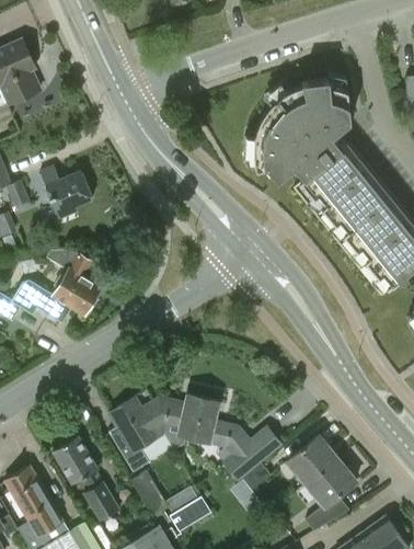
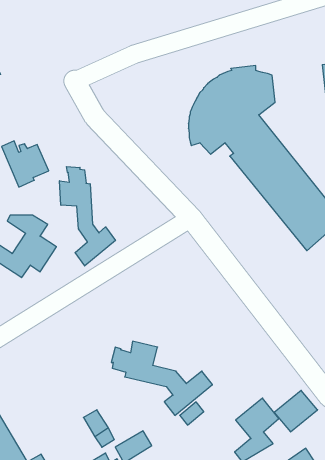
building: none -> [60,167,115,266]
building: [110,399,170,472] -> none
building: [55,436,122,522] -> none
building: [288,437,337,484] -> [274,390,318,432]

